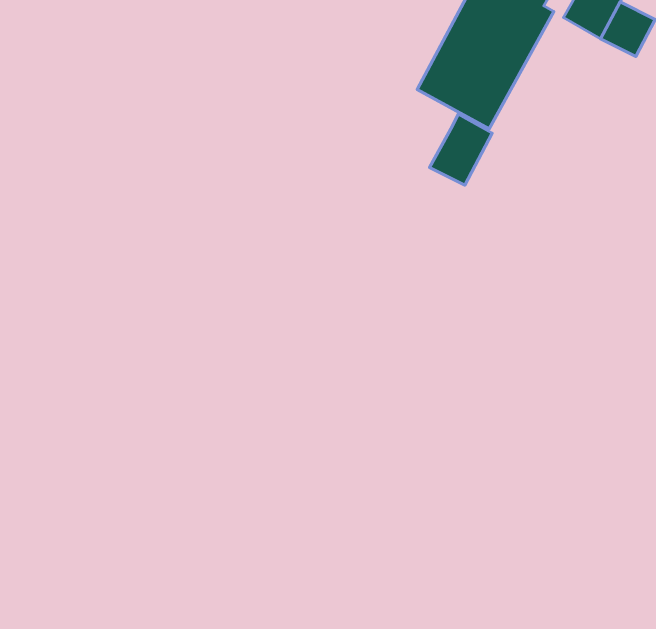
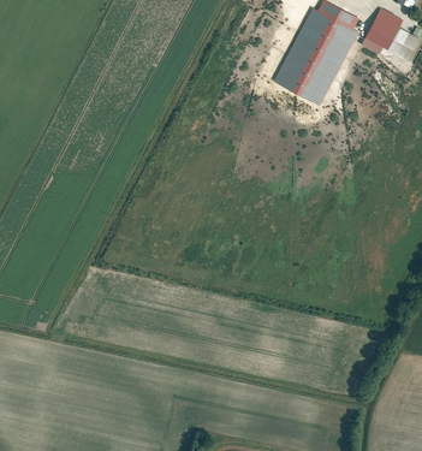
building: [429,114,492,185] -> none

